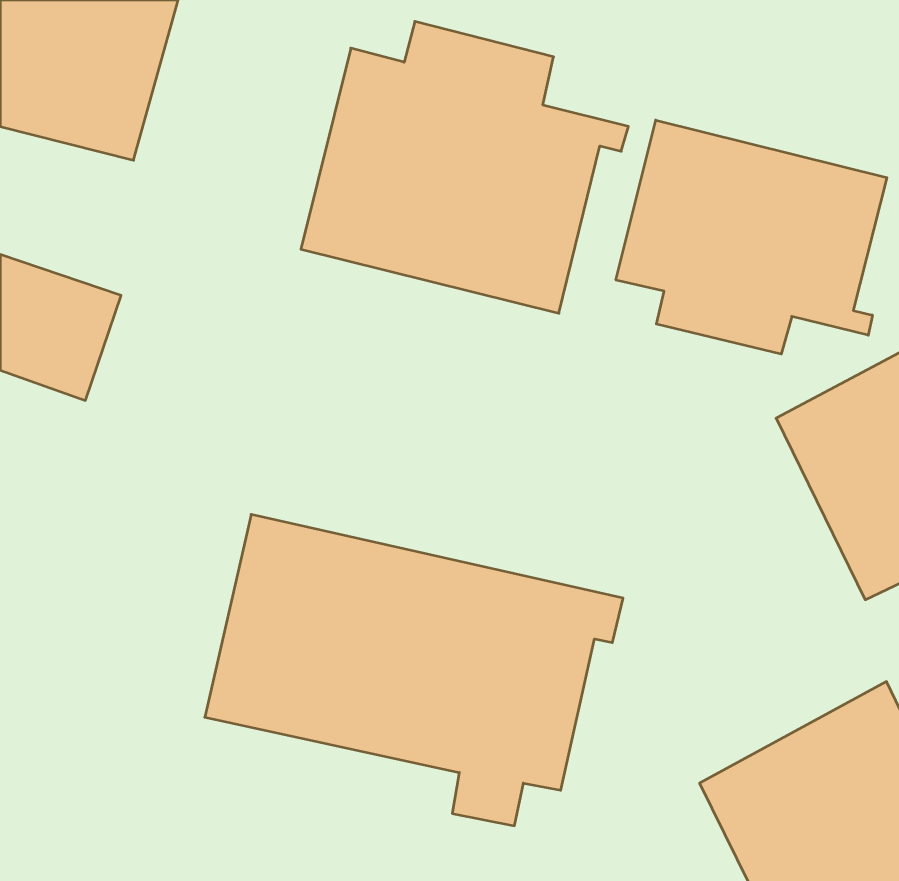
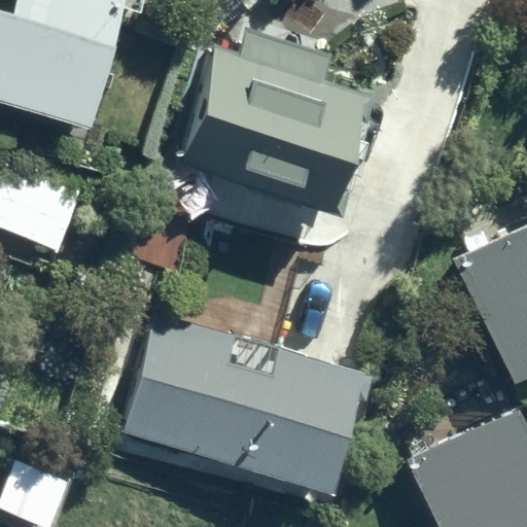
building: [616,120,887,354] -> none

